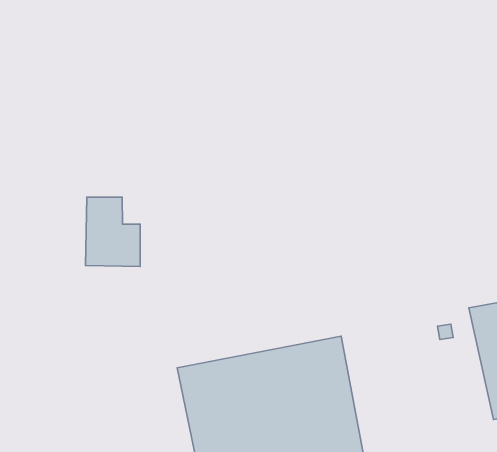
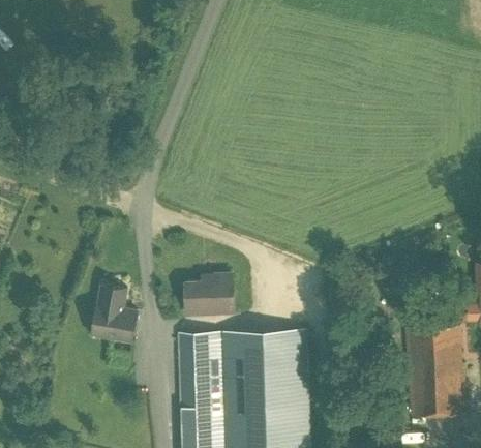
building: [85,197,140,266] -> [90,282,137,341]
building: none -> [184,273,233,312]

